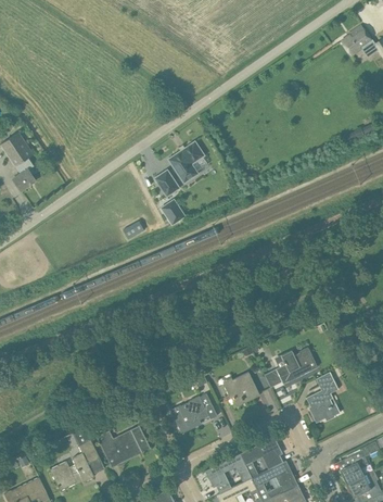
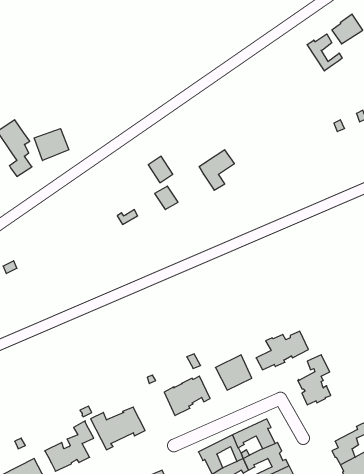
building: none -> [307,34,342,71]
building: [168,141,204,183] -> [199,150,234,190]
building: none -> [34,129,69,161]

